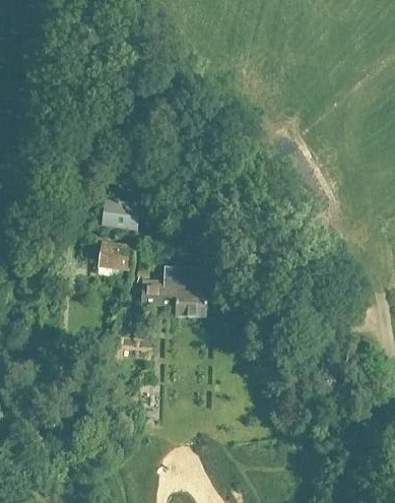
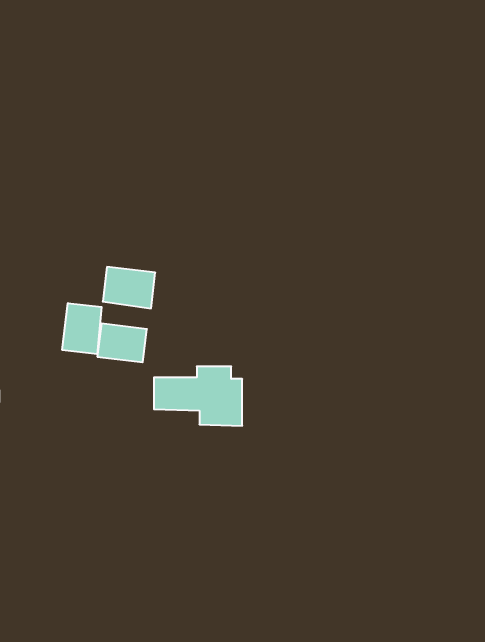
building: none -> [62,303,102,354]

